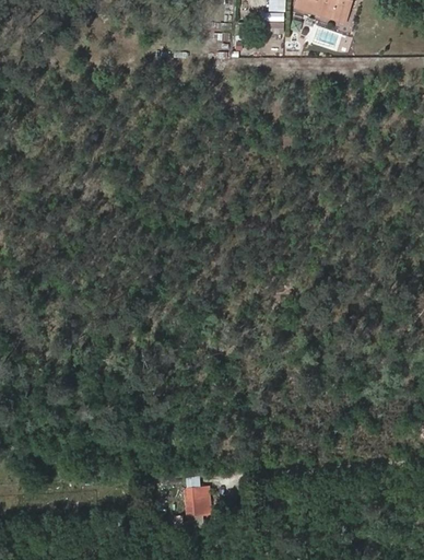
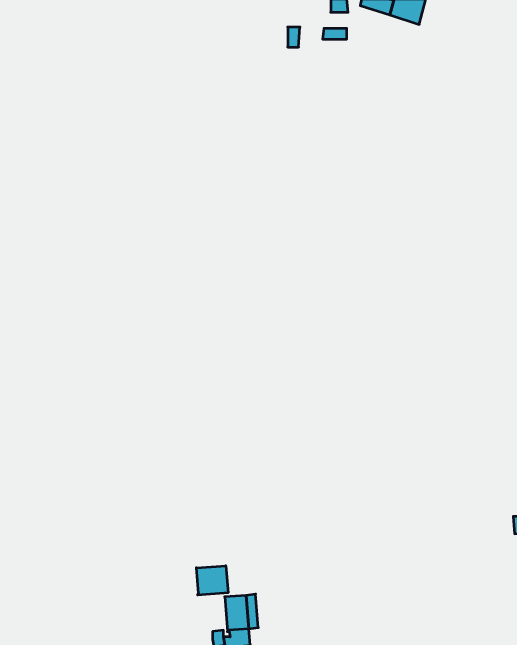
building: none -> [196,566,228,595]

